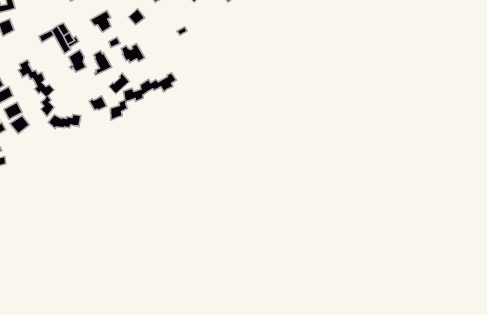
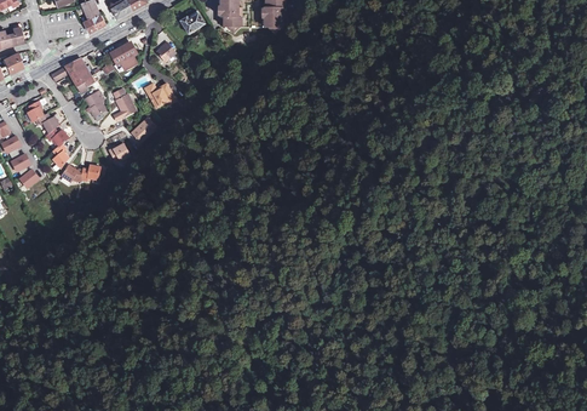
building: [111,73,177,120] -> none

